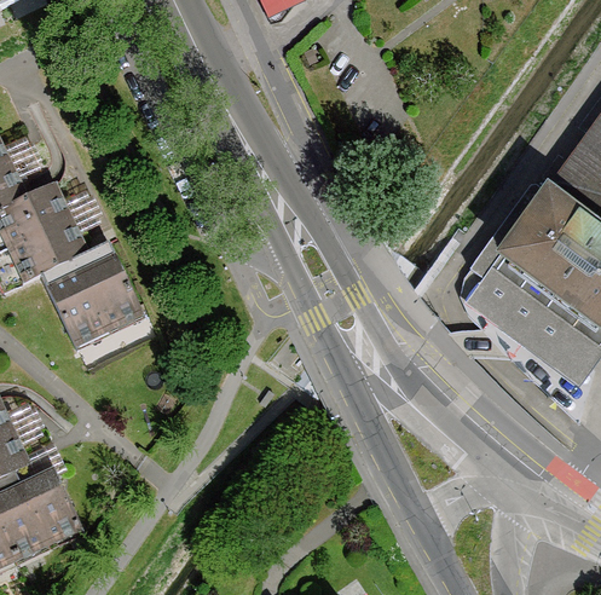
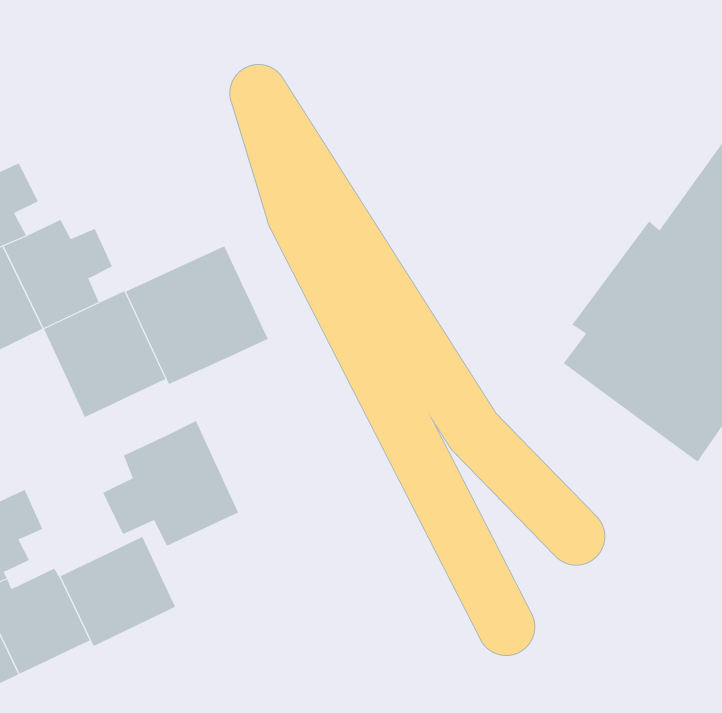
building: none -> [125,245,268,385]
building: none -> [103,420,239,547]
building: none -> [60,536,176,647]

